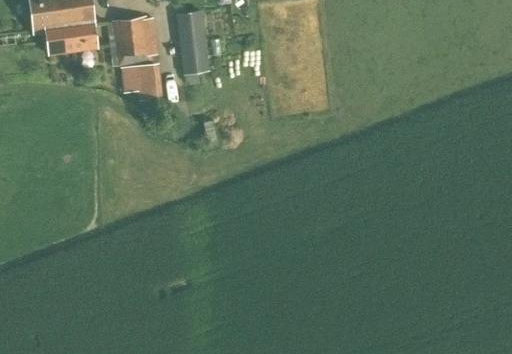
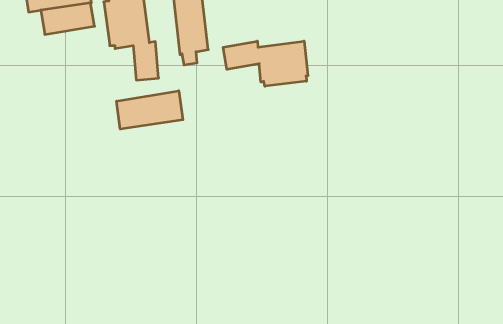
building: none -> [223,41,308,86]
building: none -> [117,91,183,129]

